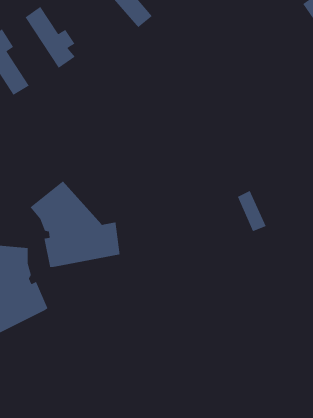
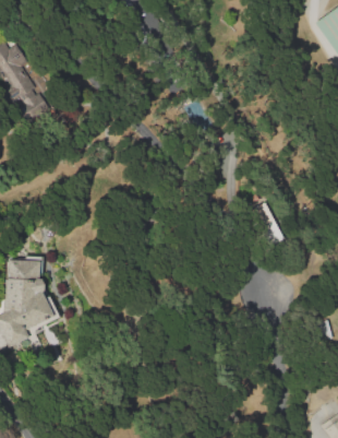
building: [25,6,76,69] -> none
building: [30,181,121,268] -> none

